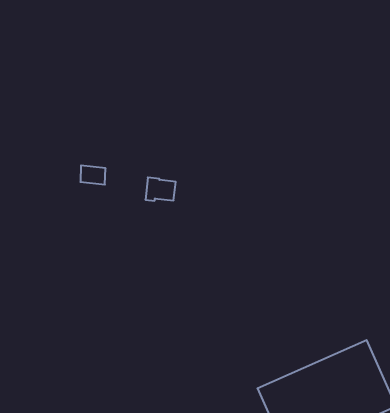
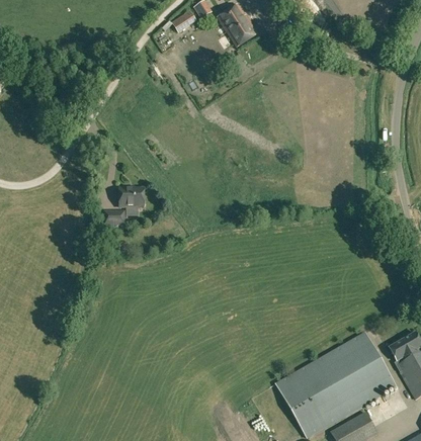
building: [145,177,176,201] -> [119,187,144,206]

